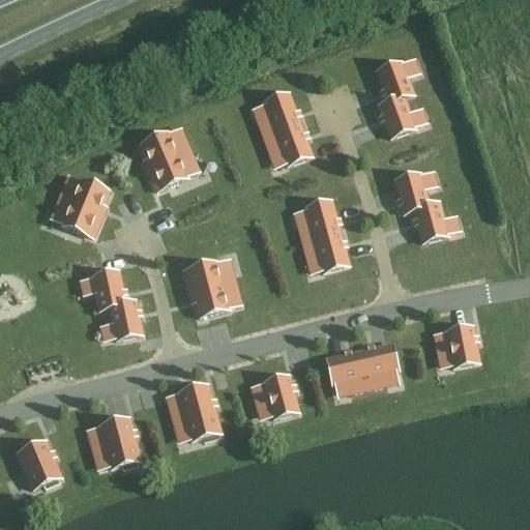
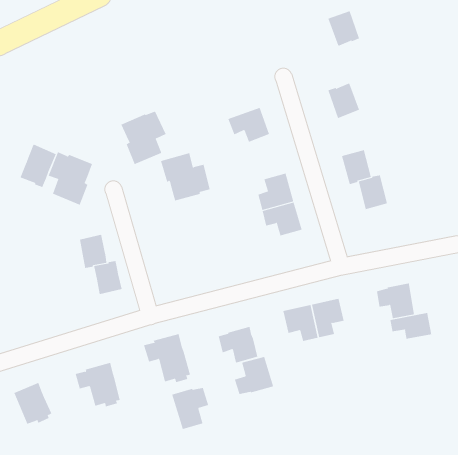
building: [375,60,412,101] -> [328,10,360,46]
building: [256,92,299,137] -> none
building: none -> [20,144,57,188]
building: [181,260,239,316] -> [160,153,210,201]
building: none -> [390,312,432,339]
building: none -> [234,356,274,395]
building: none -> [172,387,209,430]

